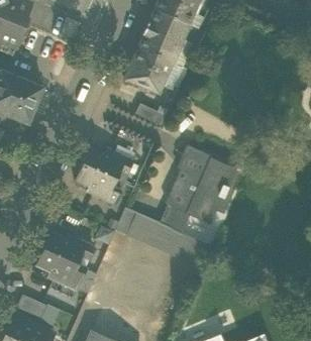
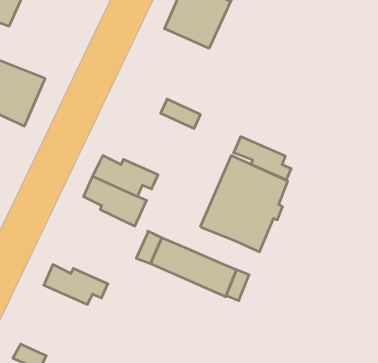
building: [123,47,172,94] -> none
building: none -> [234,137,291,180]
building: [159,204,192,233] -> none
building: [34,249,80,289] -> none

